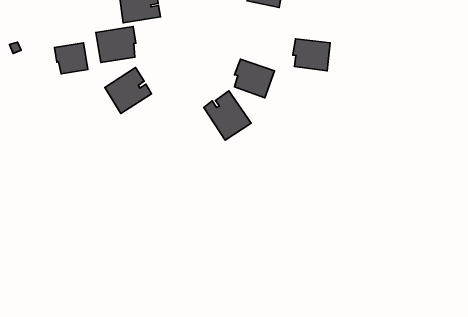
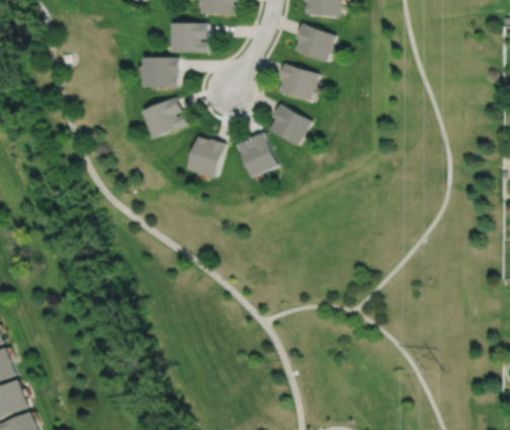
building: [293,39,330,71] -> [277,63,314,98]
building: [54,43,88,74] -> none
building: none -> [189,135,226,176]

